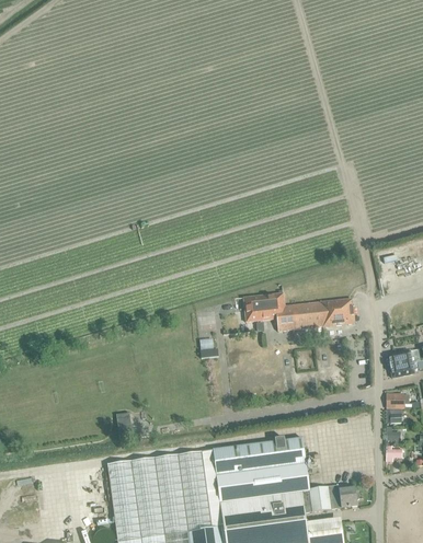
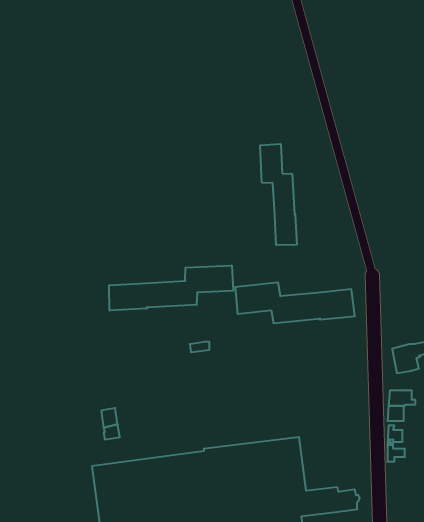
building: none -> [260,144,297,245]
building: none -> [109,265,233,311]

